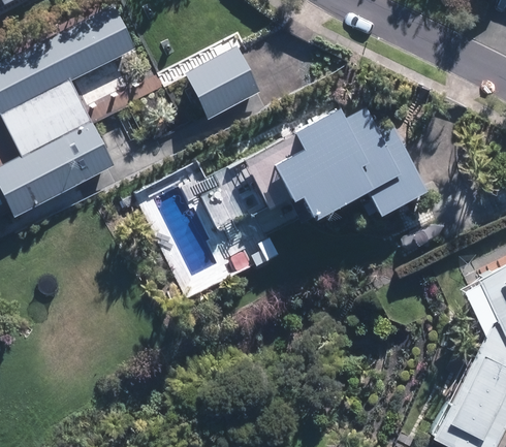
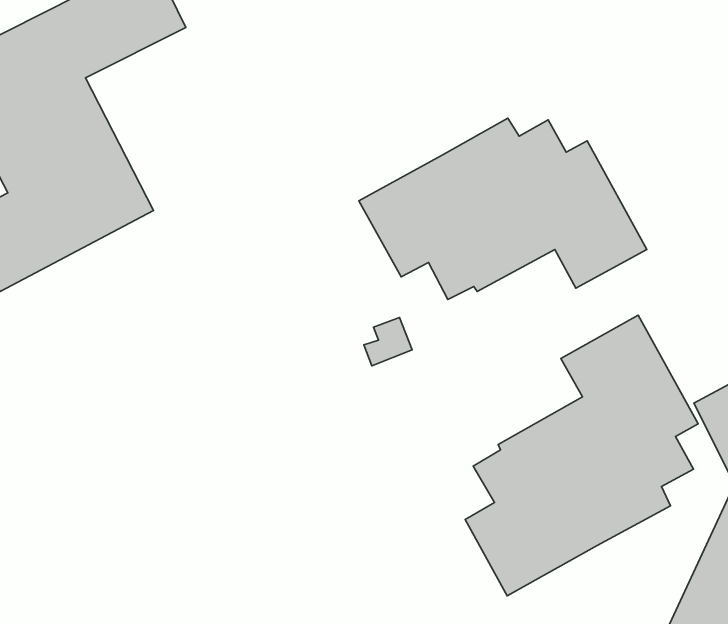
building: [186,46,260,120] -> none
building: none -> [465,315,698,596]

